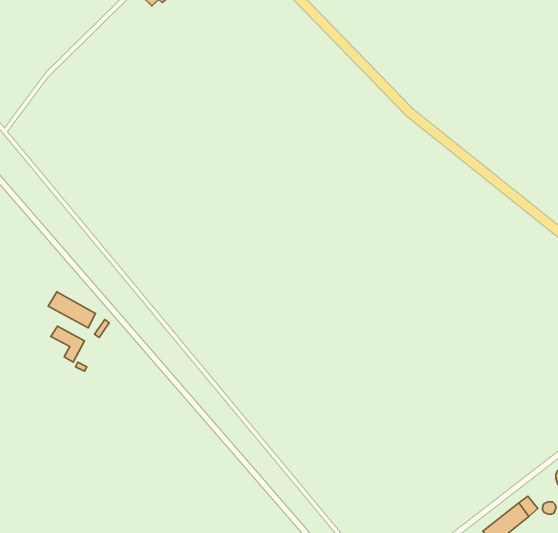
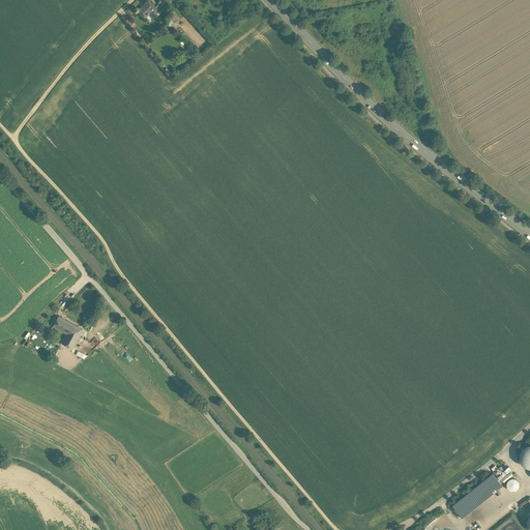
building: [48,292,96,328] -> none

